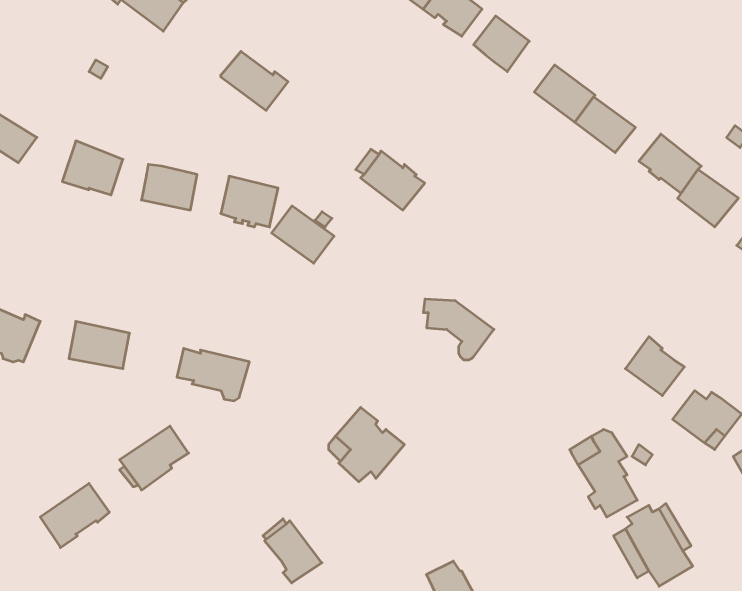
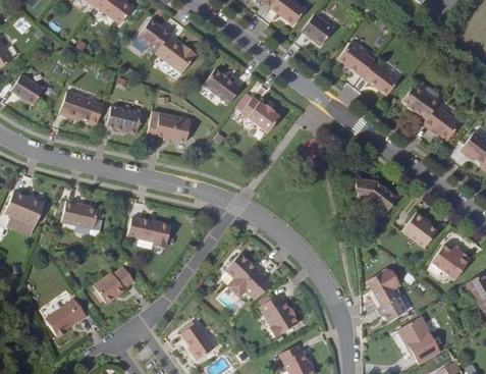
building: none -> [139,20,168,51]
building: [272,206,334,263] -> [202,69,239,104]
building: [423,299,494,360] -> [352,177,394,214]
building: none -> [260,292,298,335]

